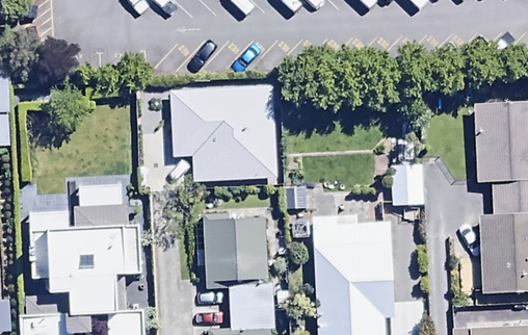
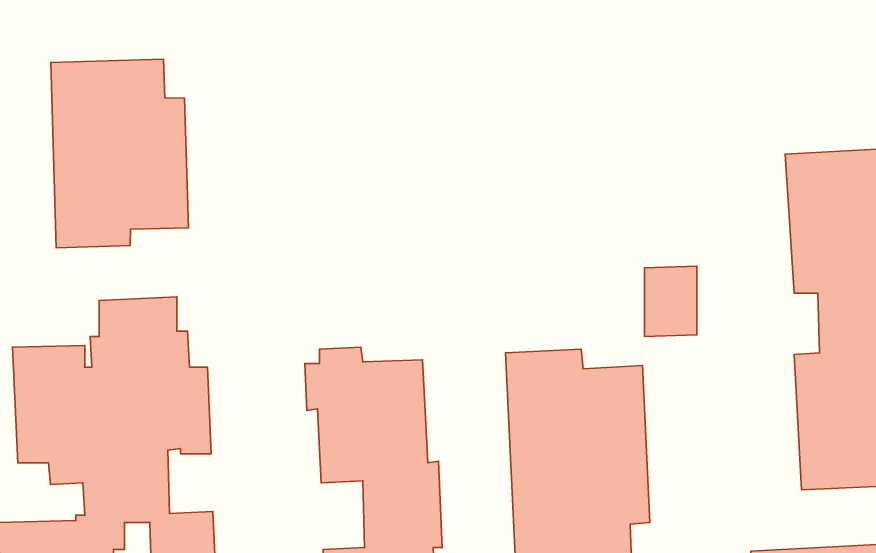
building: none -> [51,59,189,248]
building: [169,85,278,184] -> none

